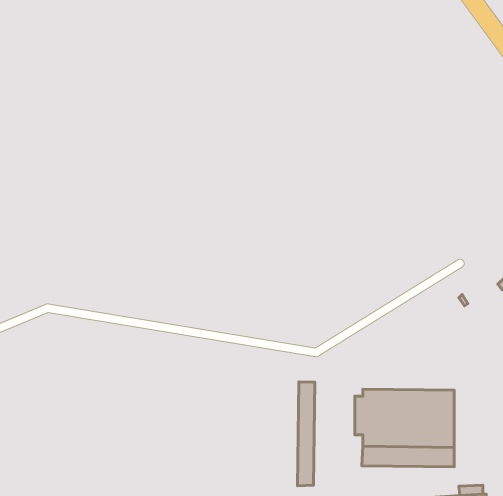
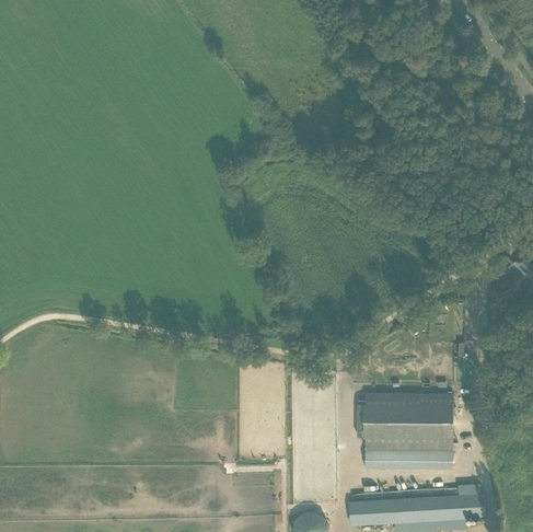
building: [297,382,315,486] -> none

